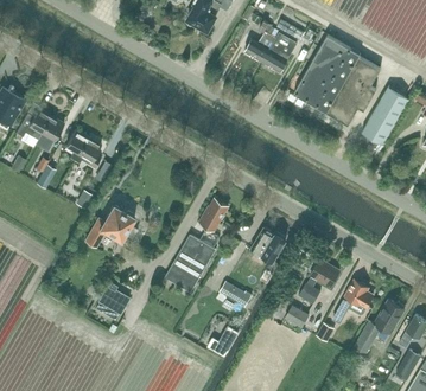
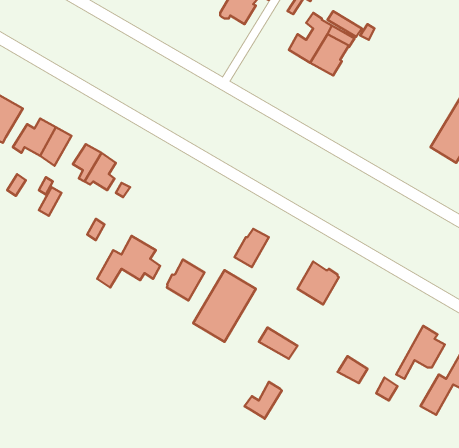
building: [293,34,380,124] -> none
building: none -> [167,259,205,300]
building: [298,262,339,305] -> none
building: [95,282,128,319] -> none

